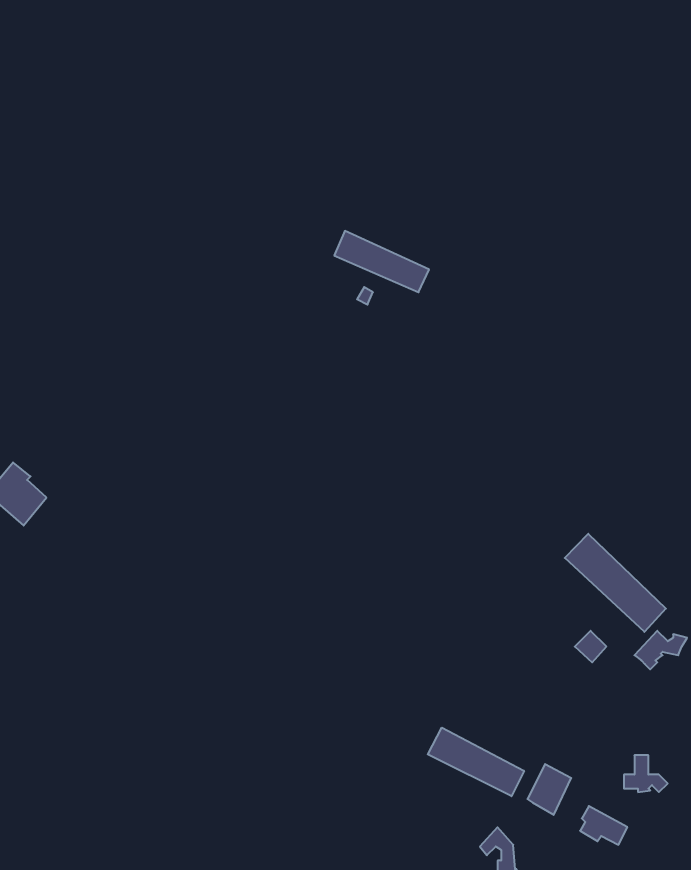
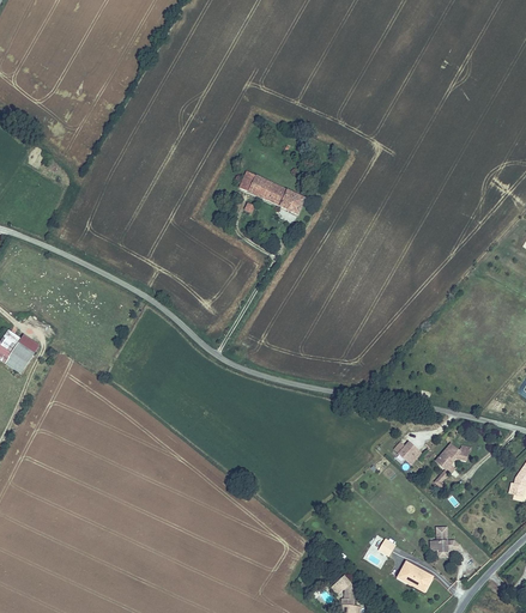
building: [565,534,666,632] -> none
building: [428,728,524,796] -> none

